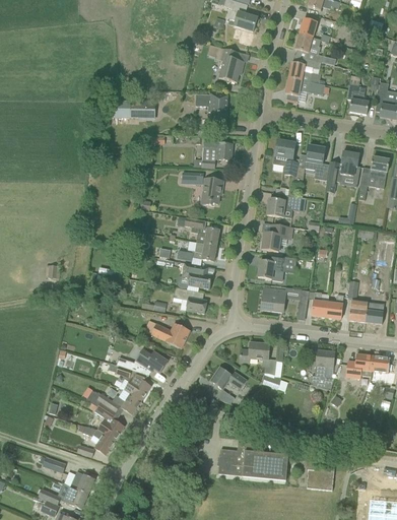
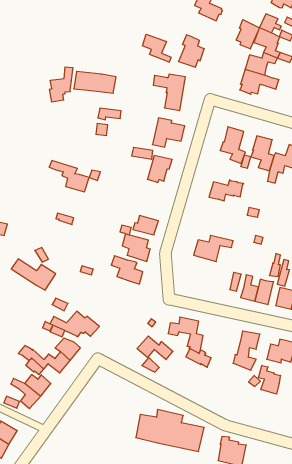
building: none -> [236,20,259,49]
building: none -> [143,34,171,62]
building: none -> [50,67,73,102]
building: [177,216,219,245] -> [49,161,89,192]
building: [261,223,292,251] -> none
building: [261,286,285,312] -> none
building: [143,319,190,348] -> [11,259,56,290]
building: none -> [258,365,281,394]

